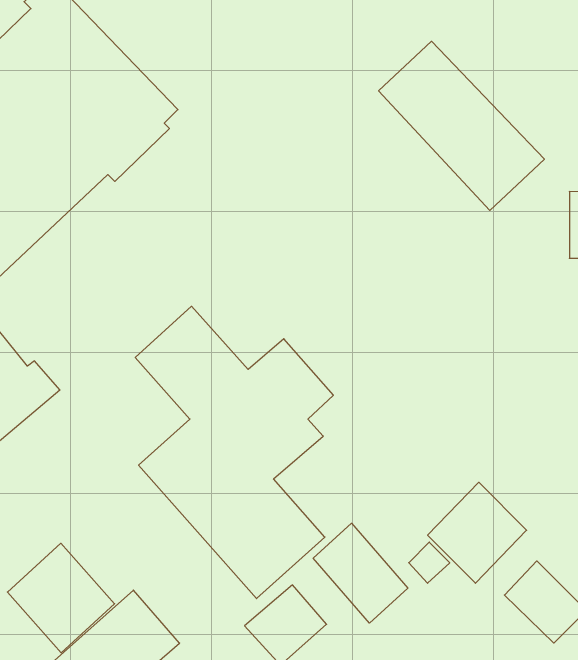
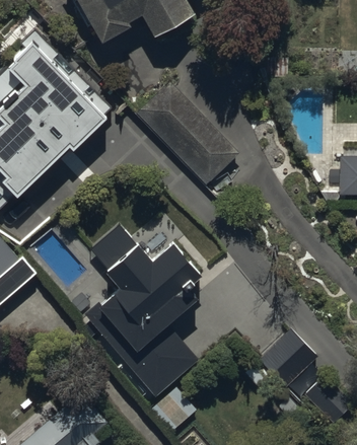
building: [379,41,544,210] -> [141,86,239,187]
building: [313,523,408,623] -> none
building: [7,543,115,653] -> none

